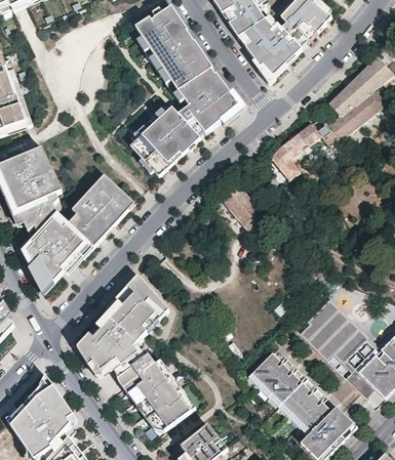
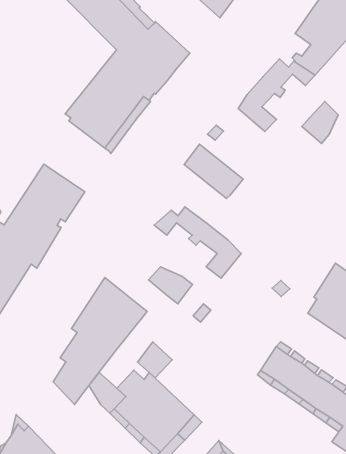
building: none -> [302,101,338,143]
building: none -> [154,207,241,278]
building: none -> [148,267,193,304]
building: [119,337,148,367] -> [137,342,172,378]

